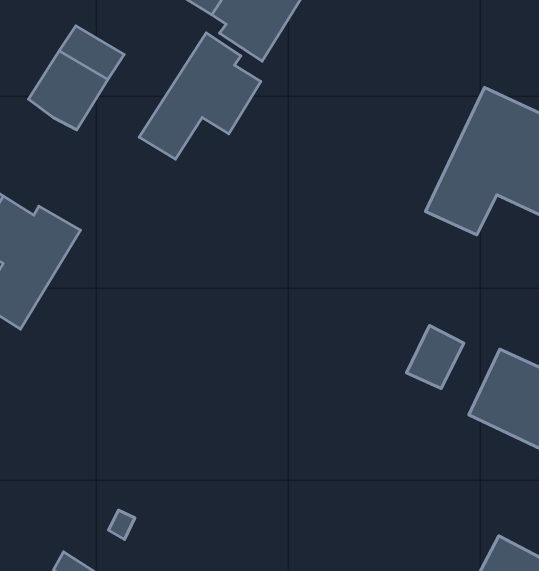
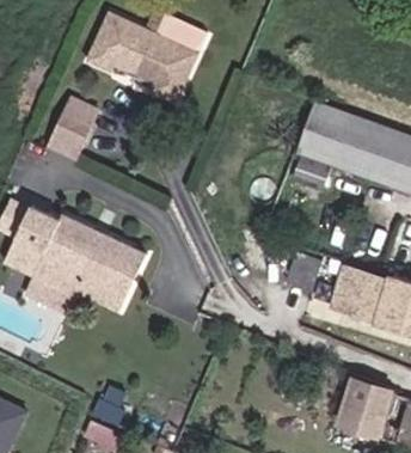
building: [139,33,261,159] -> none
building: none -> [47,221,141,310]

